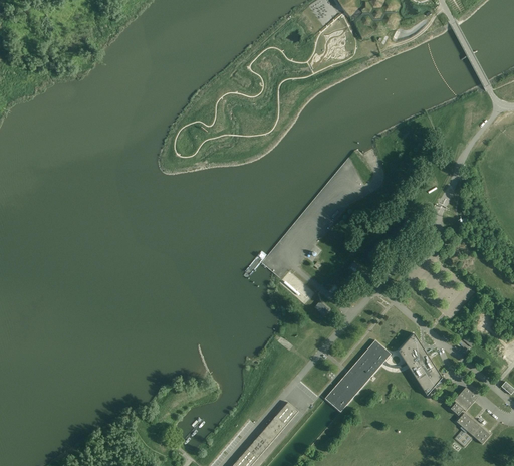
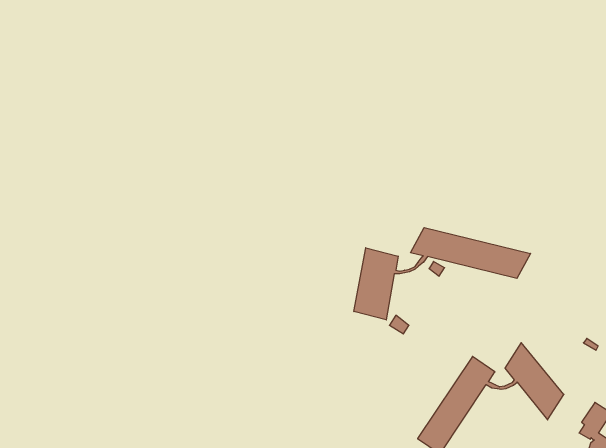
building: none -> [354,228,531,320]

